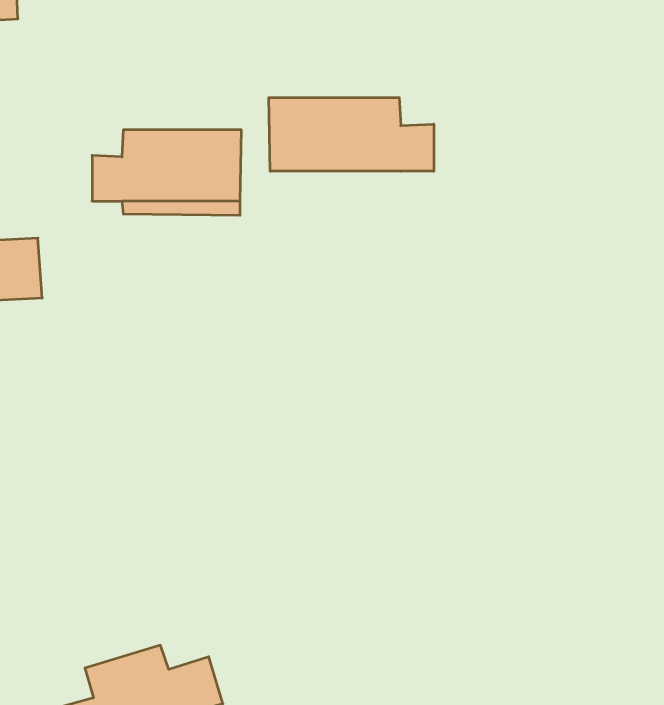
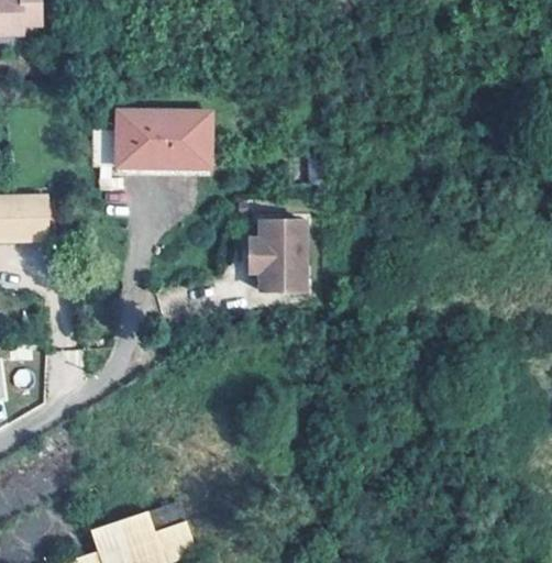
building: [269,98,434,171] -> none
building: none -> [245,214,302,285]

